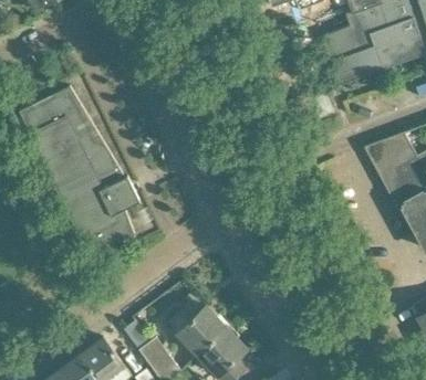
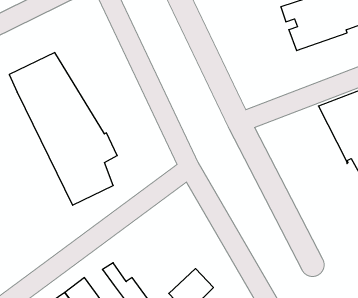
building: [165,292,226,355] -> none

